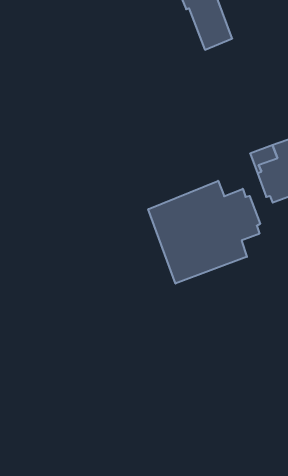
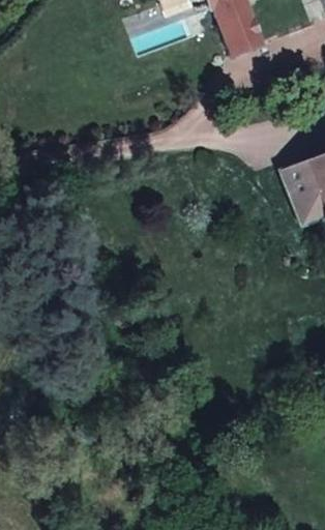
building: [148,181,260,284] -> none

